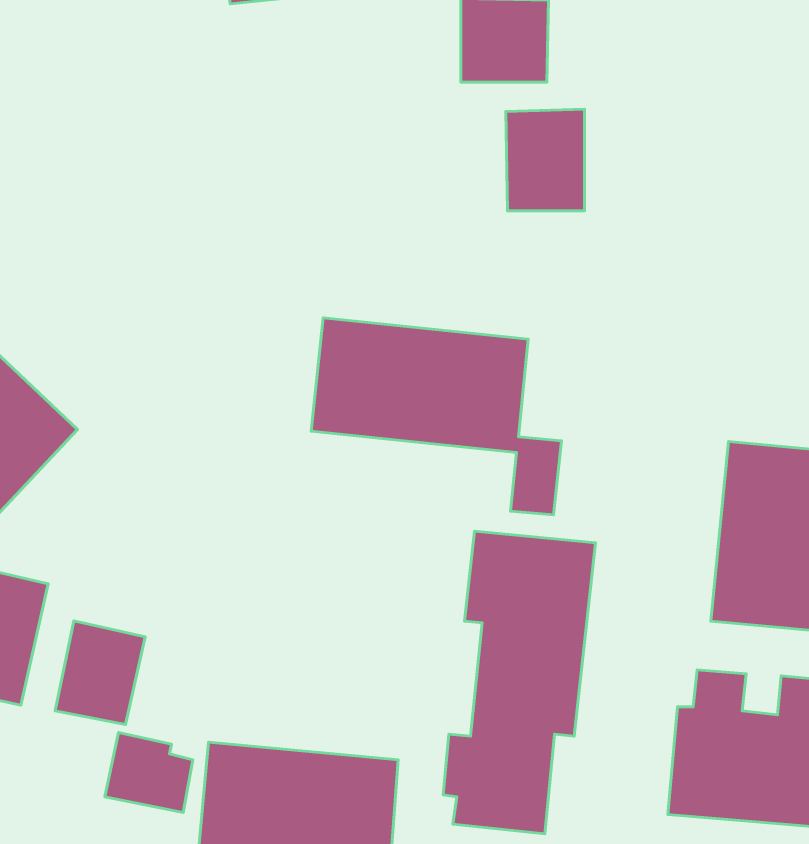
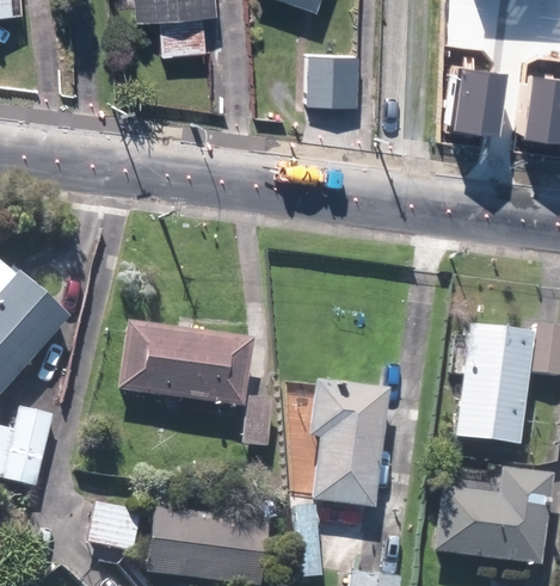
building: none -> [455,70,503,137]
building: [506,109,584,211] -> none
building: [311,318,561,515] -> [118,321,271,442]
building: [55,621,145,725] -> none

